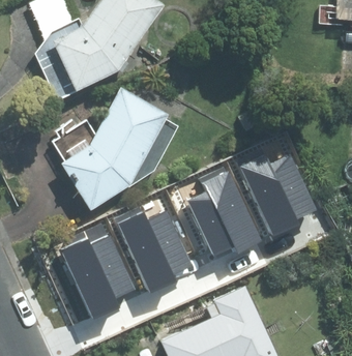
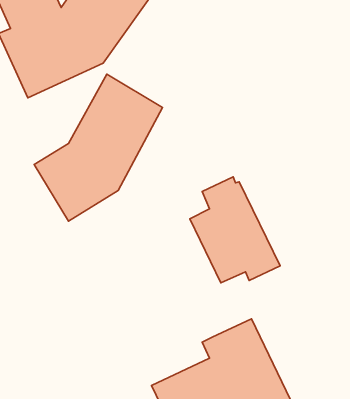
building: [242,153,320,238] -> none
building: [118,207,197,295] -> none
building: [60,220,138,319] -> none

